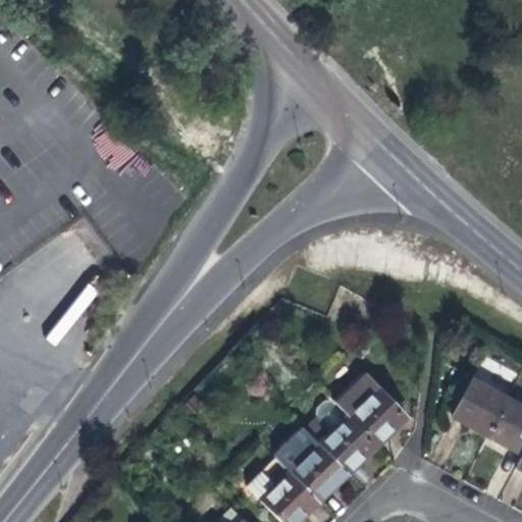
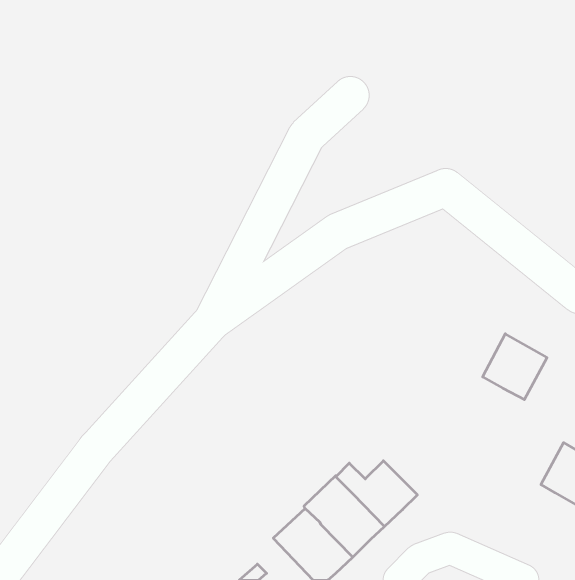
building: [336,373,408,445] -> none
building: [453,376,511,435] -> [483,334,547,400]

